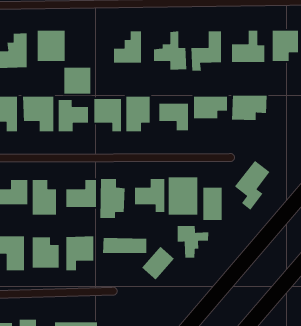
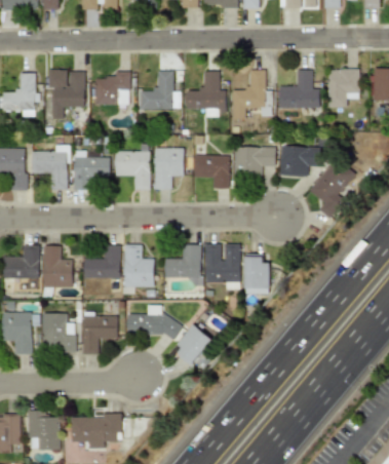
building: [63,67,91,94] -> [96,72,129,105]
building: [234,160,270,211] -> [310,158,353,219]
building: [177,225,209,259] -> none

